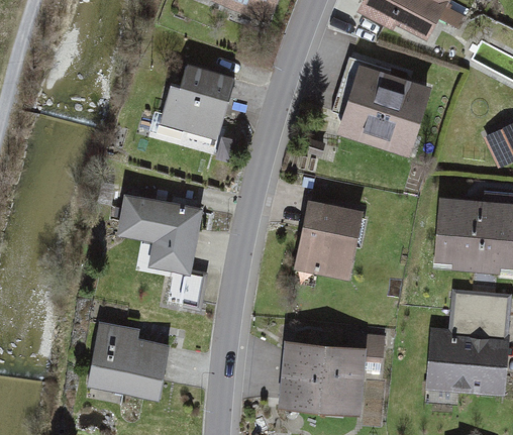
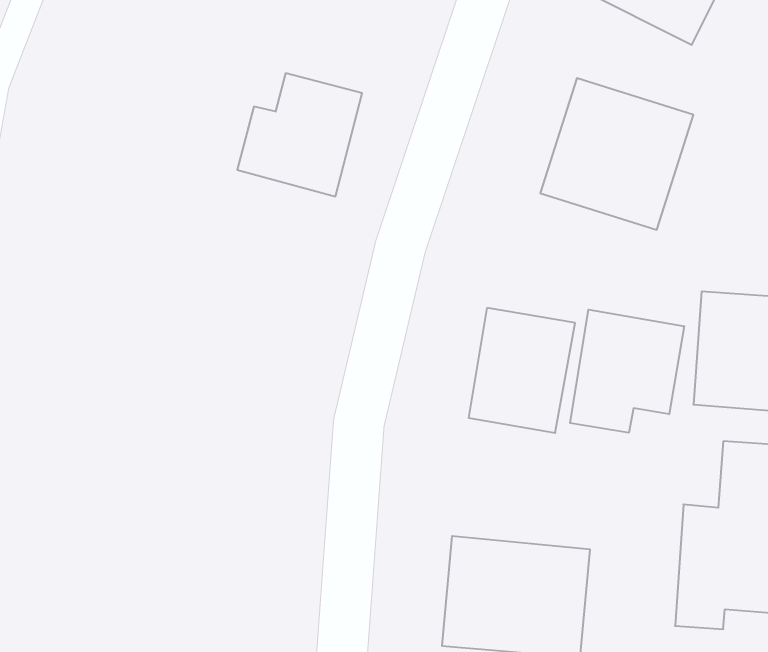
building: [118,194,202,271] -> none
building: none -> [570,310,684,433]
building: [86,323,169,399] -> none

